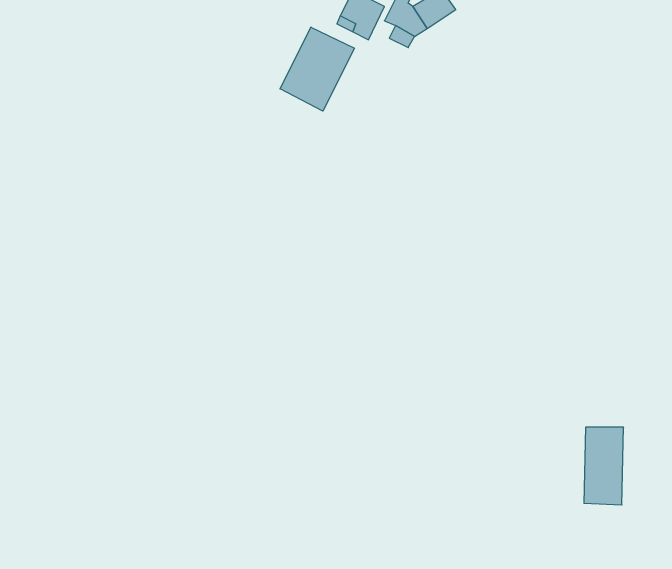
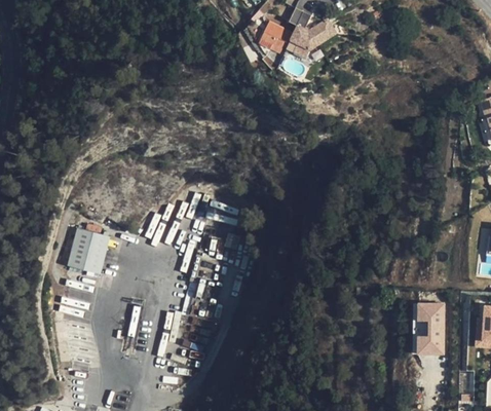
building: [280,27,354,111] -> none
building: none -> [67,227,110,272]

